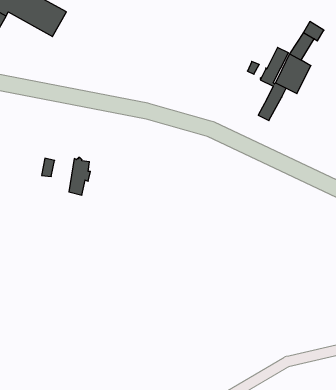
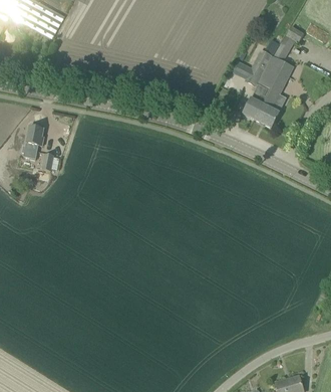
building: none -> [253,87,279,128]
building: [69,157,90,195] -> [24,124,44,159]

